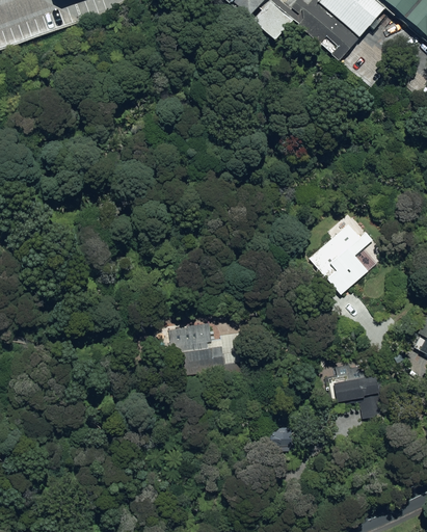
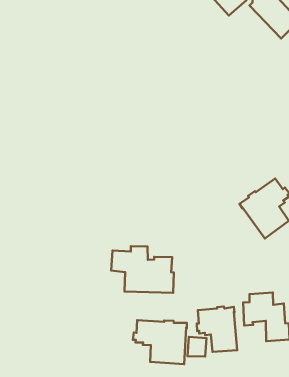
building: none -> [197,306,237,352]
building: none -> [133,320,187,364]

